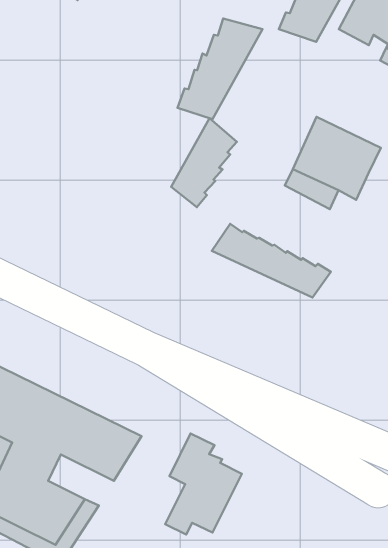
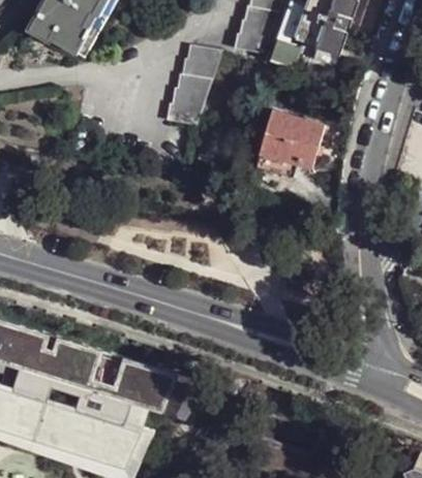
building: [171,118,237,207] -> none
building: [212,224,331,297] -> none
building: [165,434,242,535] -> none

